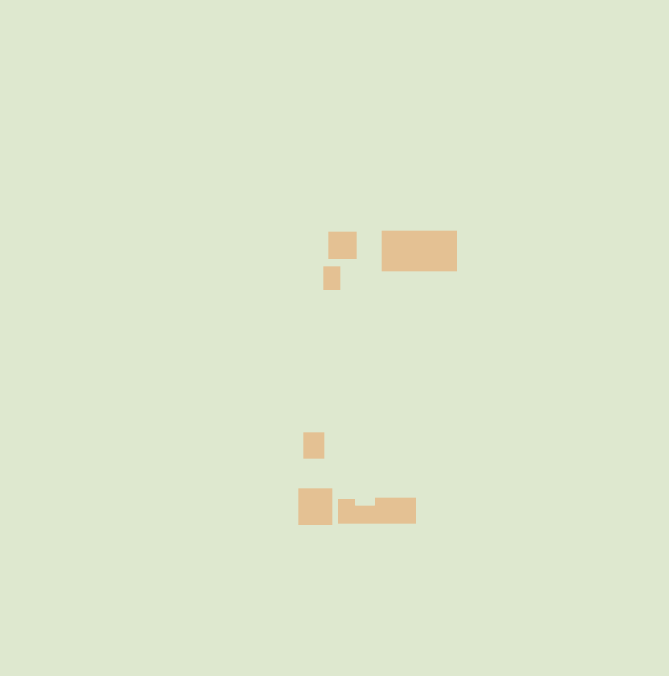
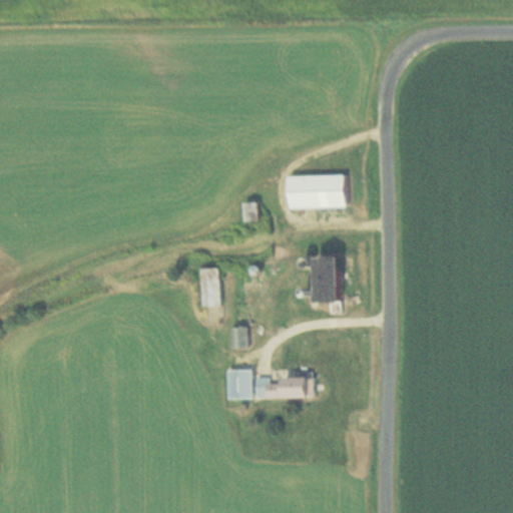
building: [327,231,358,260] -> none
building: none -> [316,255,342,301]
building: none -> [199,268,218,306]

